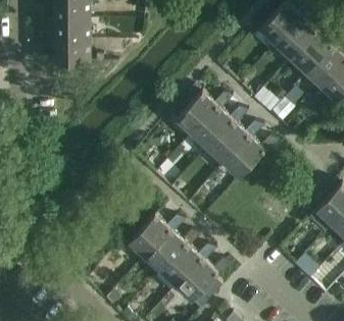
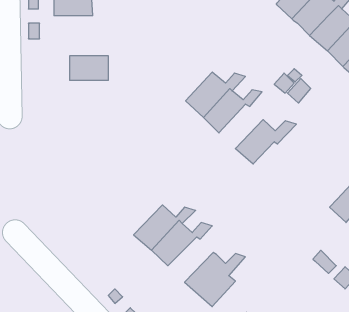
building: [54,42,90,64] -> [70,56,108,80]
building: [206,123,261,164] -> none
building: [159,246,215,287] -> none

